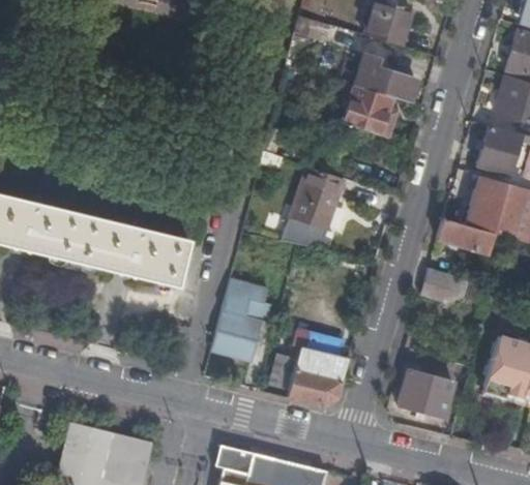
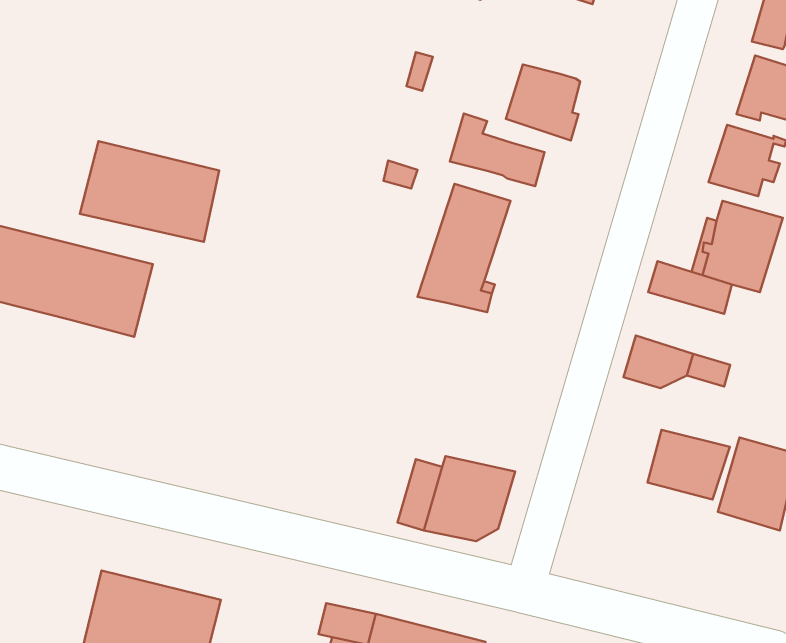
building: [353,54,416,102] -> [450,113,544,186]
building: [93,219,186,286] -> [80,141,219,242]
building: [210,270,272,361] -> none
building: [400,370,454,417] -> [648,430,730,500]

